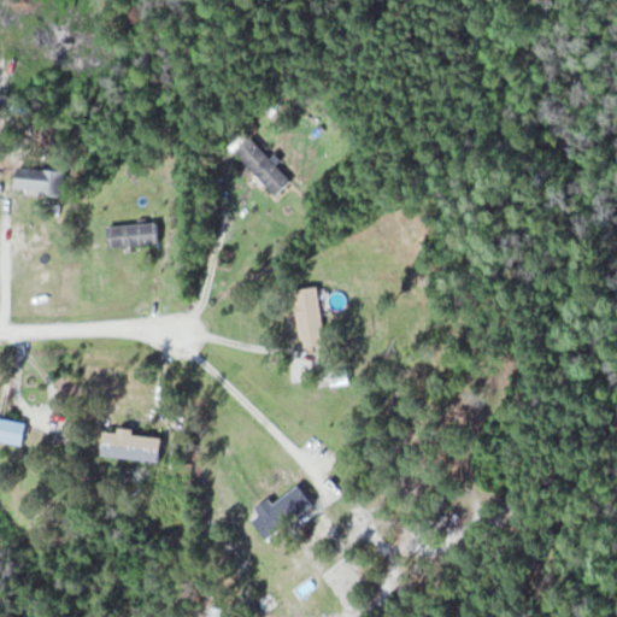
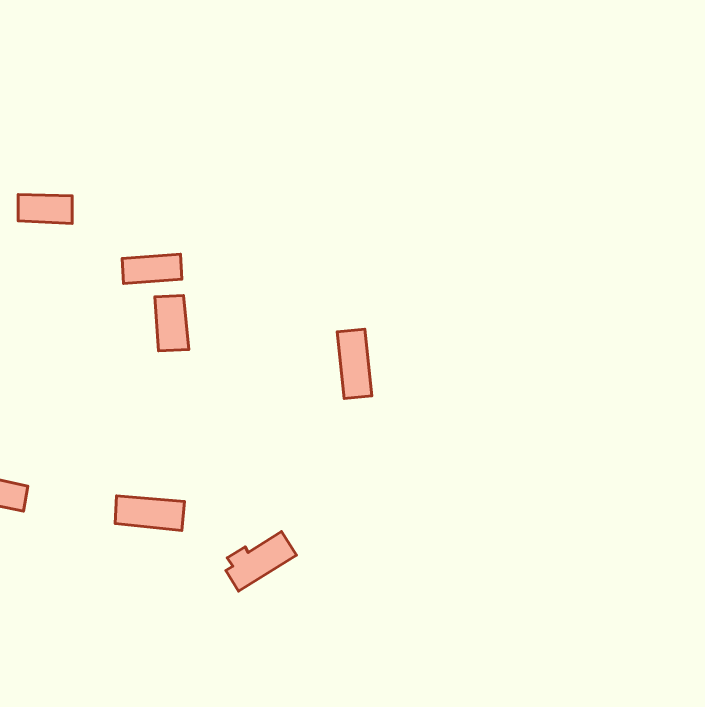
building: [235,140,290,198] -> none
building: none -> [155,295,189,351]
building: [251,487,312,539] -> [226,532,297,591]

